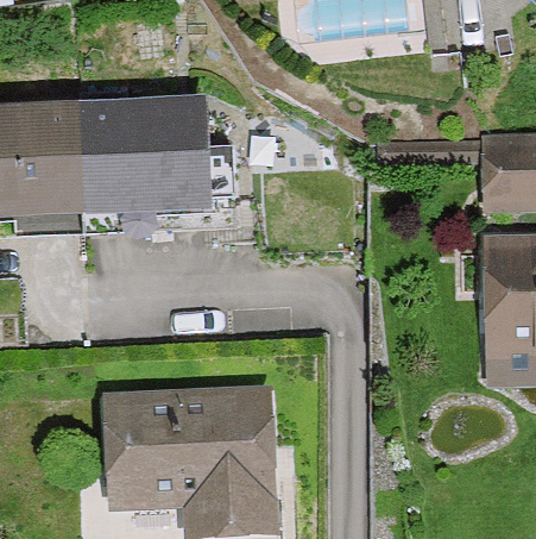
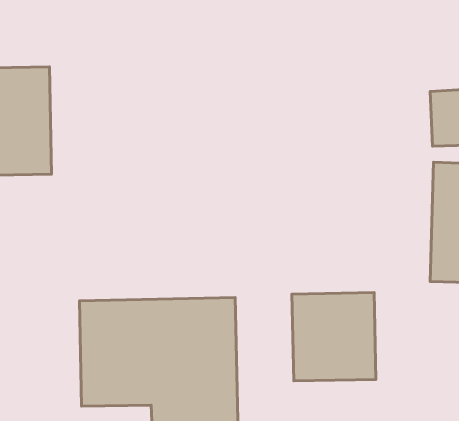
building: [69,118,196,238] -> none
building: none -> [292,293,376,381]

